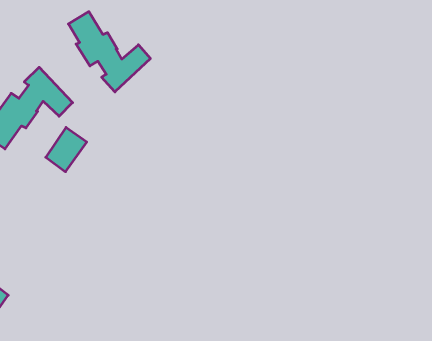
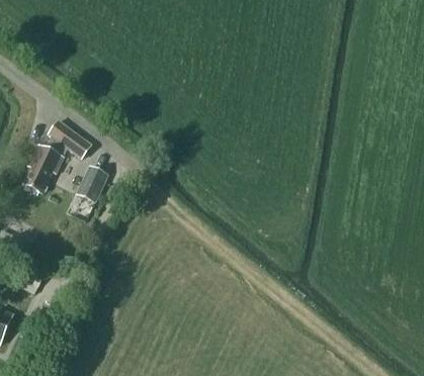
building: [68,12,150,92] -> none

